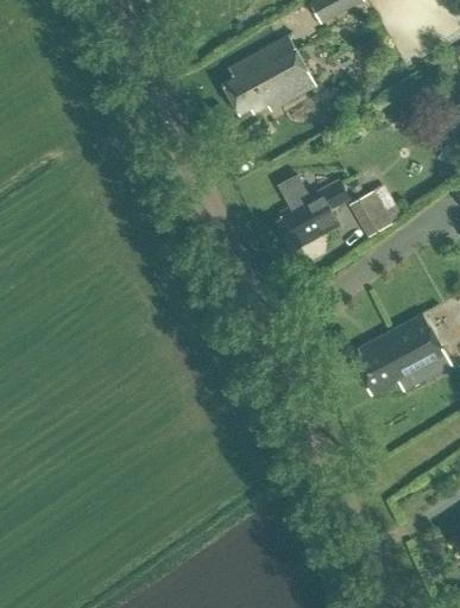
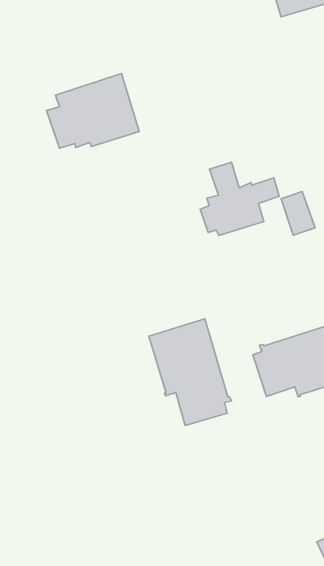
building: [223,34,317,118] -> [47,74,139,148]
building: none -> [149,319,231,425]

